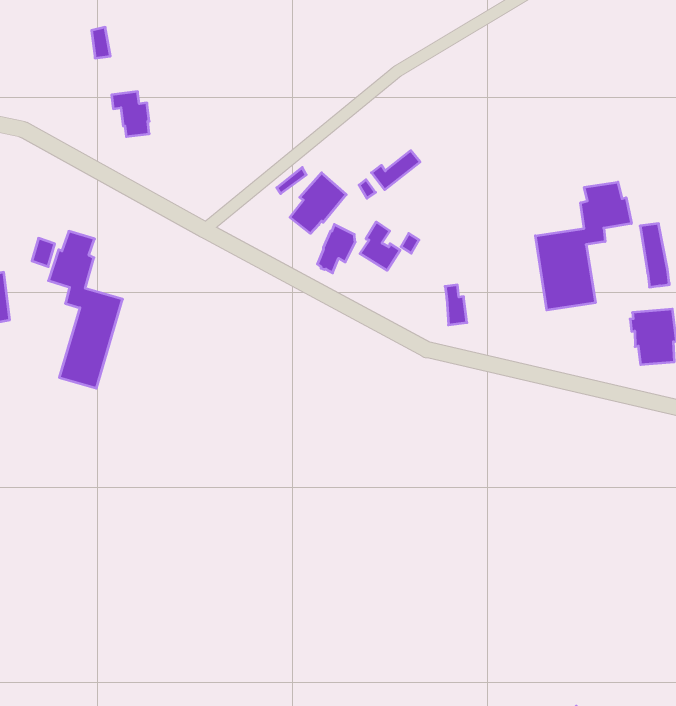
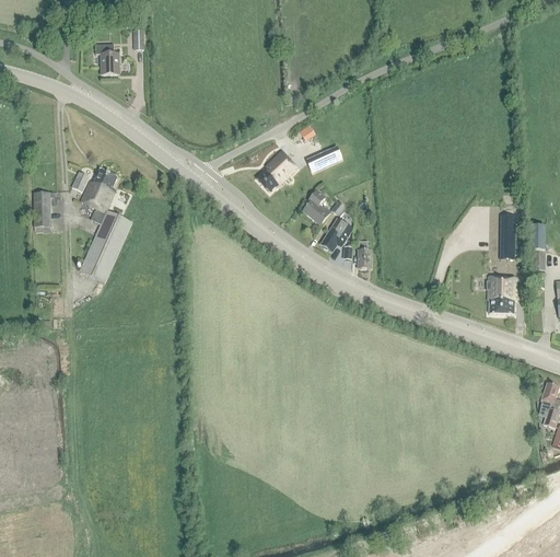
building: [112,92,149,137] -> [95,44,119,74]
building: [535,182,631,310] -> none
building: [317,224,355,273] -> [322,218,350,252]

